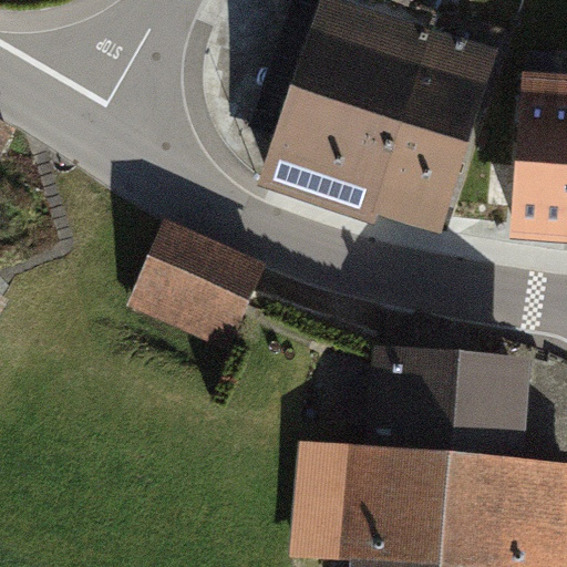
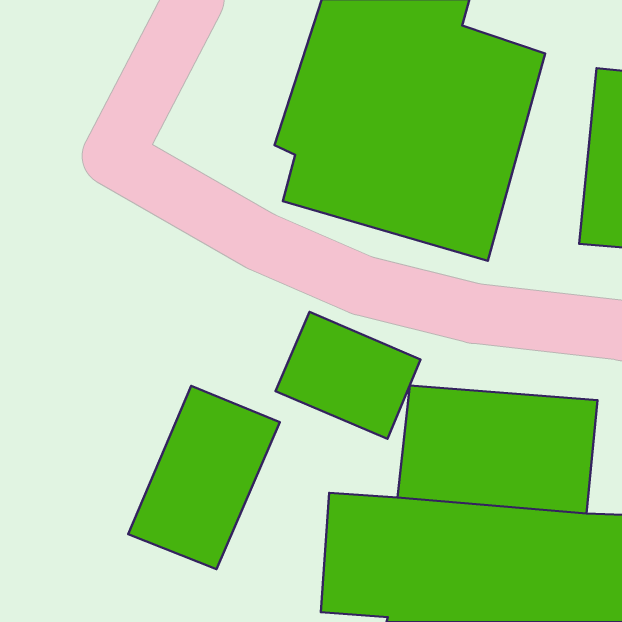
building: [128,234,260,349] -> [275,312,421,439]
building: none -> [128,386,280,569]

